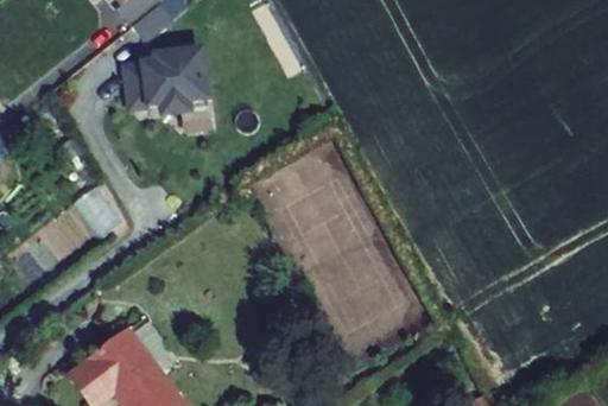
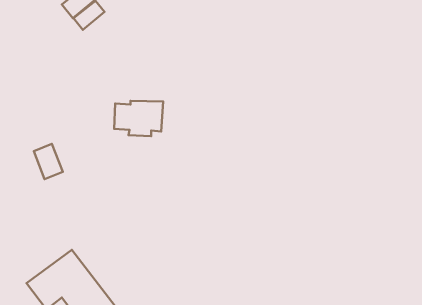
building: [133,50,197,96] -> [114,101,163,136]

